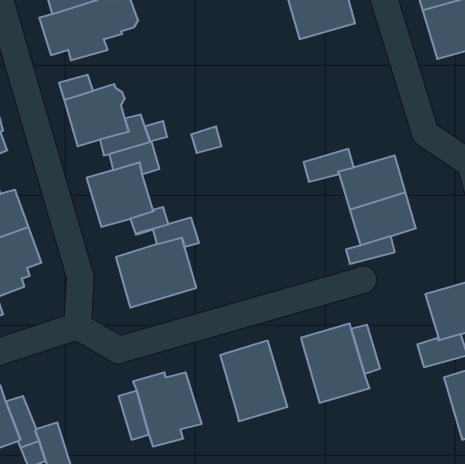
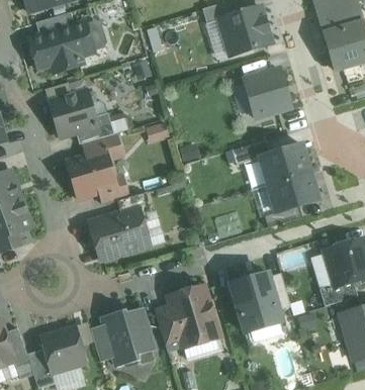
building: none -> [244,68,291,118]
building: none -> [155,304,181,344]
building: none -> [40,323,88,374]

